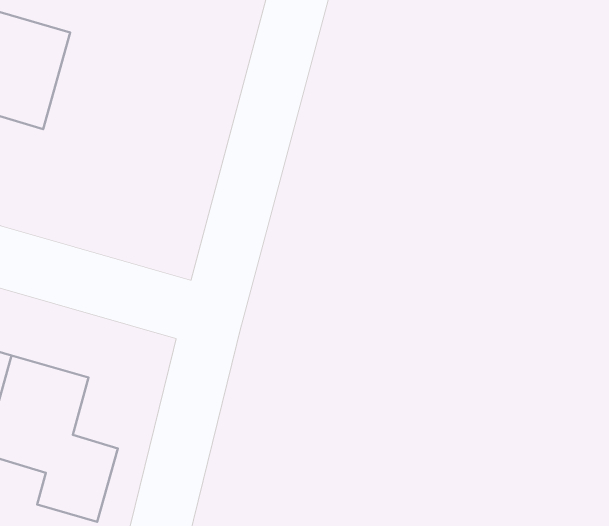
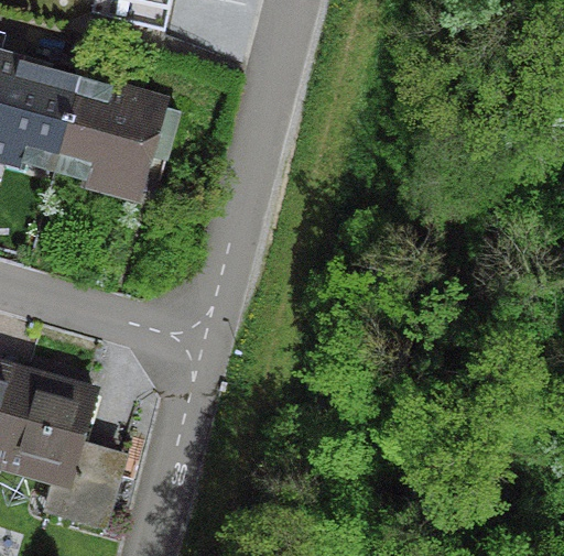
building: none -> [48,75,159,186]

